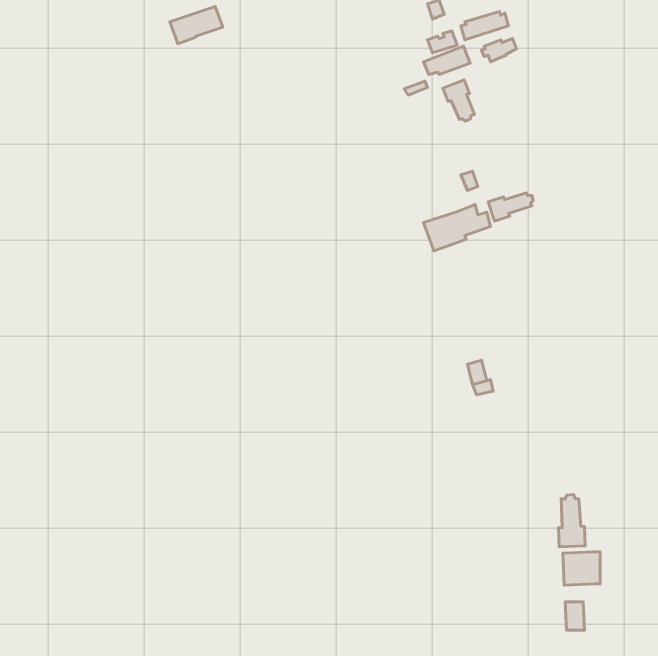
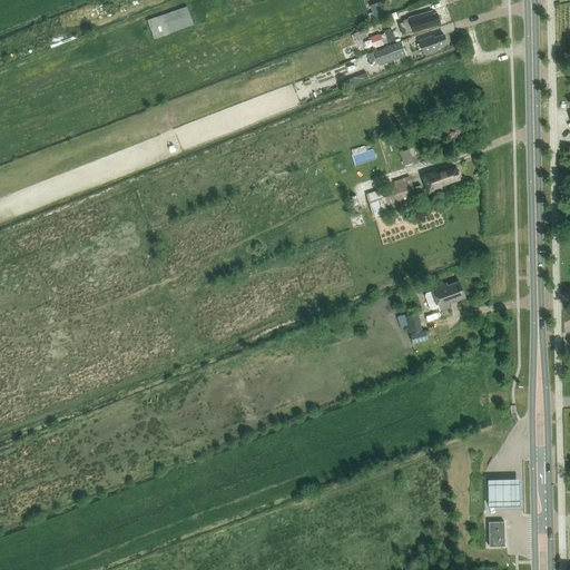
building: [443,80,474,121] -> none
building: none -> [423,281,465,309]
building: [558,494,585,547] -> none

